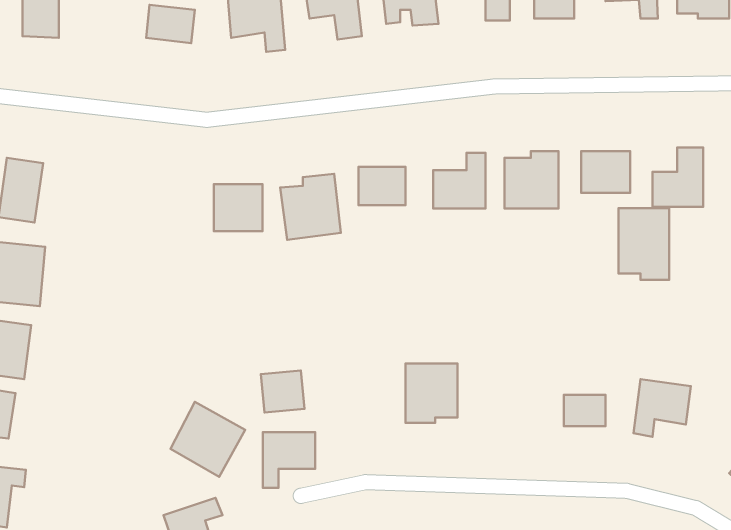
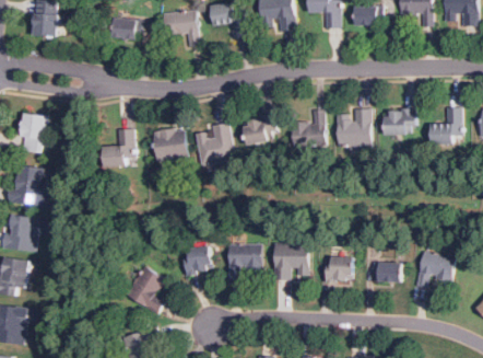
building: none -> [104,129,134,168]
building: [618,208,669,280] -> none
building: none -> [326,256,352,281]
building: [263,432,315,488] -> [228,244,261,279]

